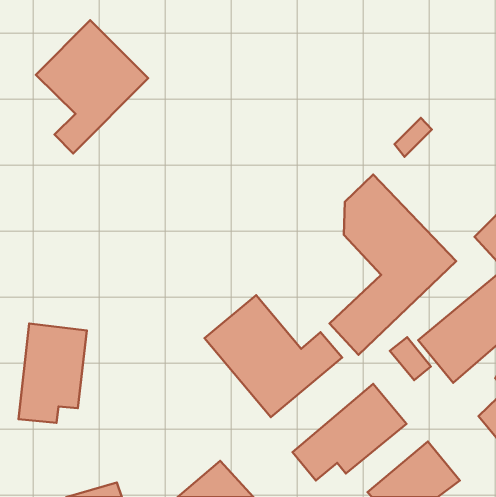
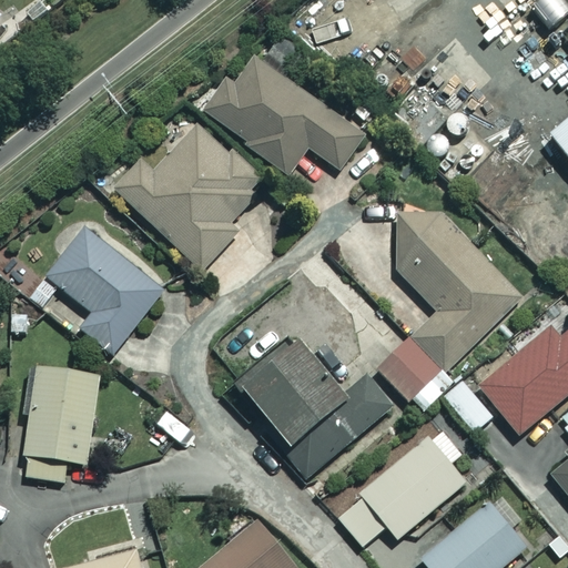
building: [36,20,148,153] -> none
building: none -> [206,52,364,174]
building: none -> [114,125,265,273]
building: none -> [45,226,163,354]

